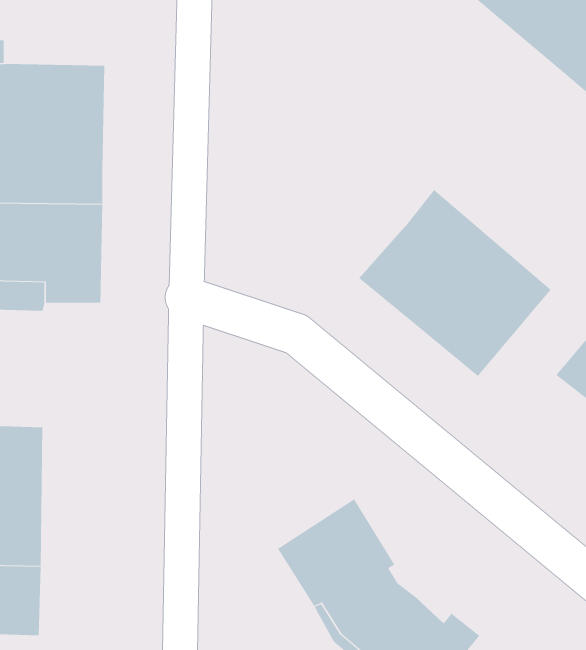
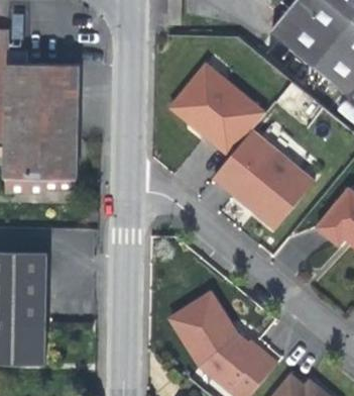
building: none -> [180,61,269,148]

